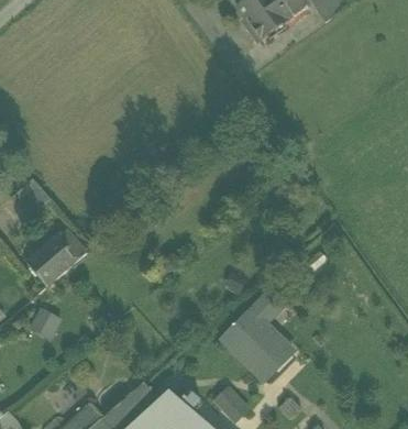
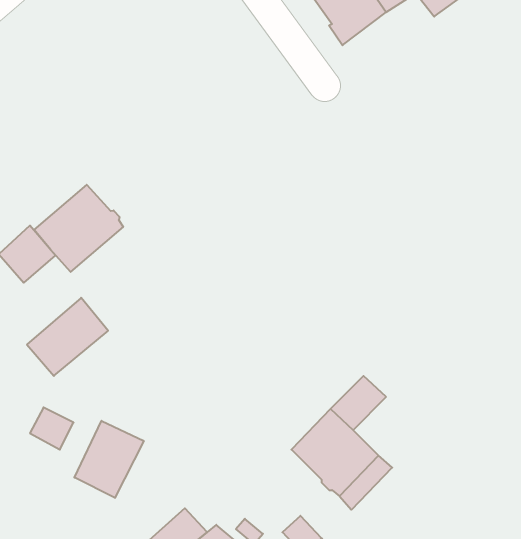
building: none -> [34,185,123,272]
building: none -> [74,421,144,498]

